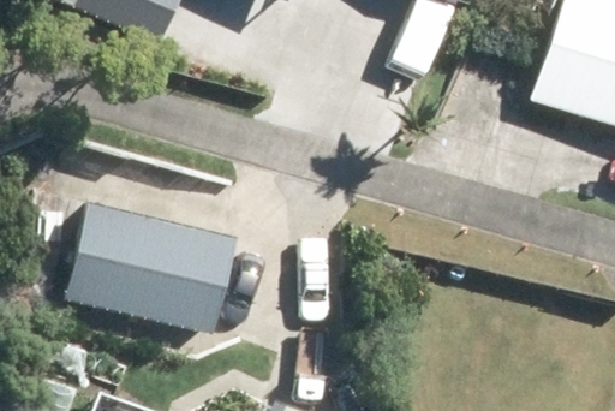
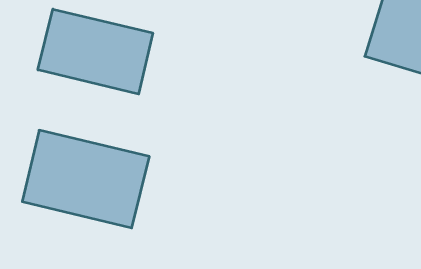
building: none -> [38,9,153,94]

